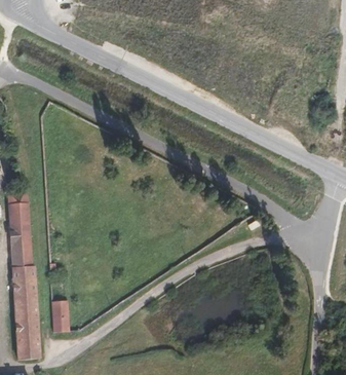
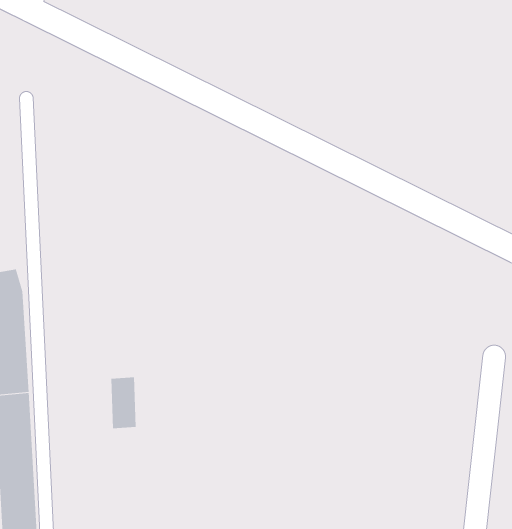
building: [50,300,67,333] -> [110,377,136,429]

